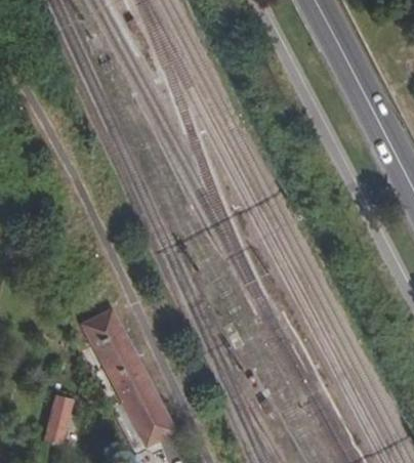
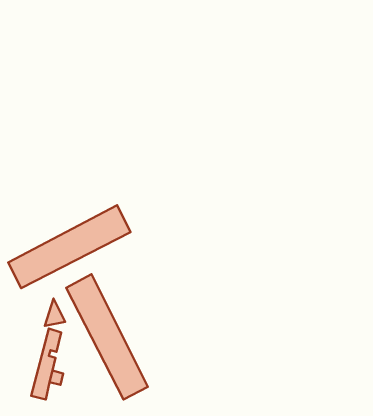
building: none -> [8,205,130,288]

